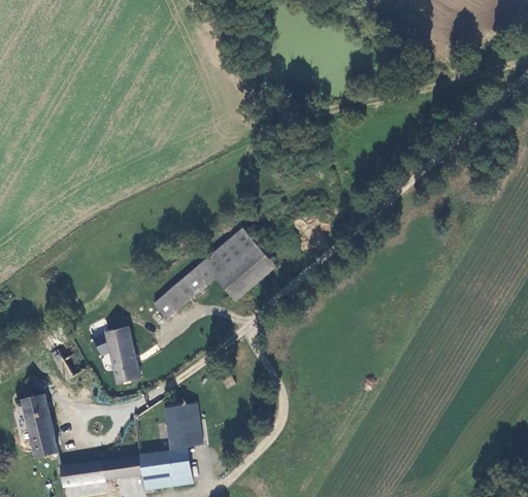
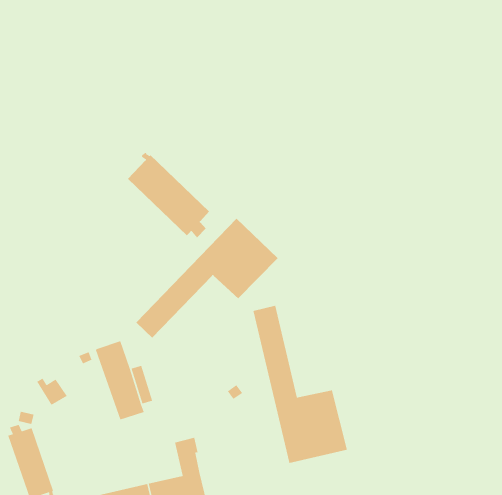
building: none -> [127,152,210,239]
building: none -> [252,305,348,464]
building: [165,403,202,450] -> none

